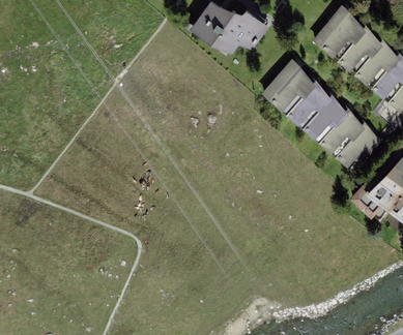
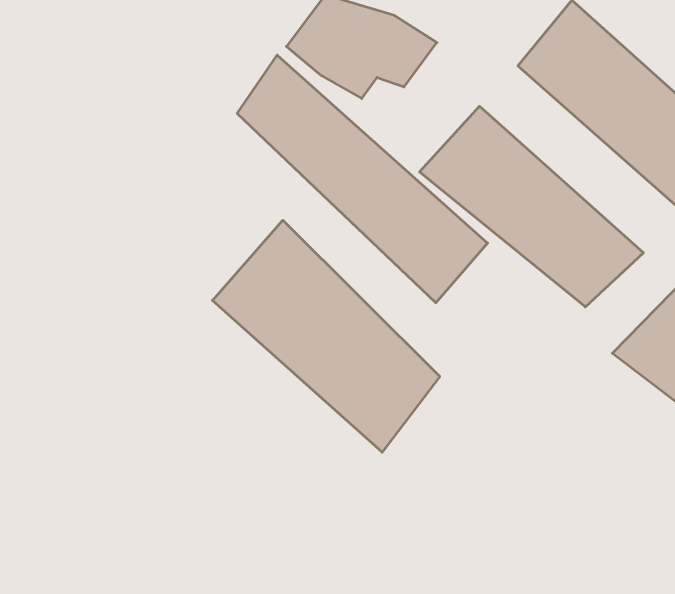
building: none -> [237,55,488,303]
building: none -> [212,220,440,452]

